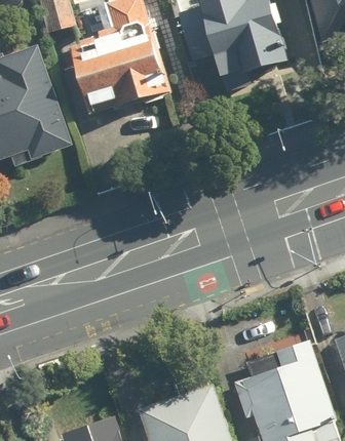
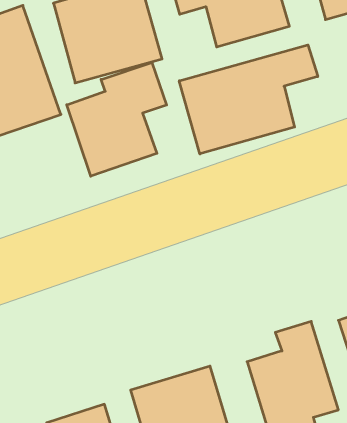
building: none -> [179,45,318,154]
building: none -> [67,62,167,176]

